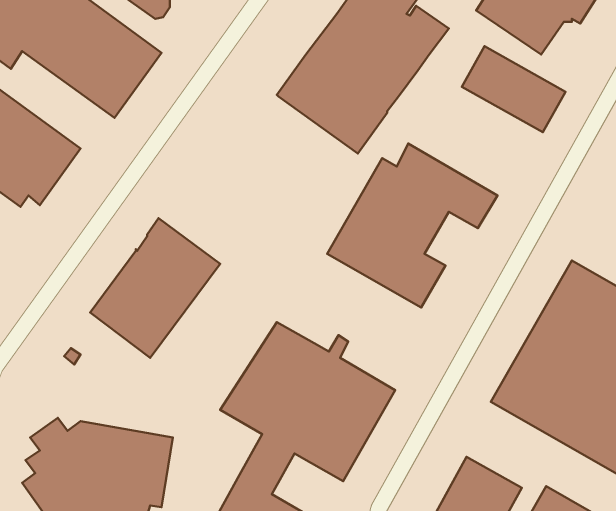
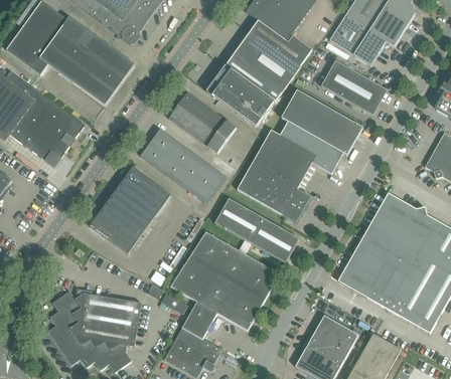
building: none -> [281,90,362,155]
building: none -> [168,91,236,153]
building: none -> [140,129,226,203]
building: none -> [214,198,299,262]

